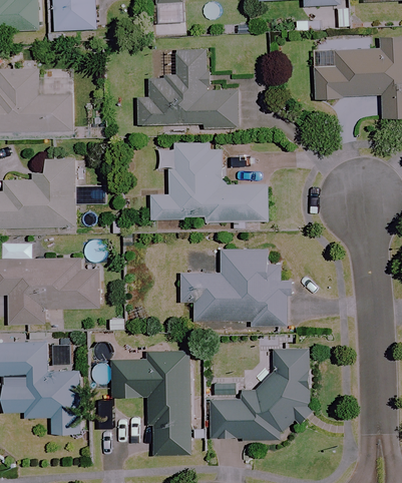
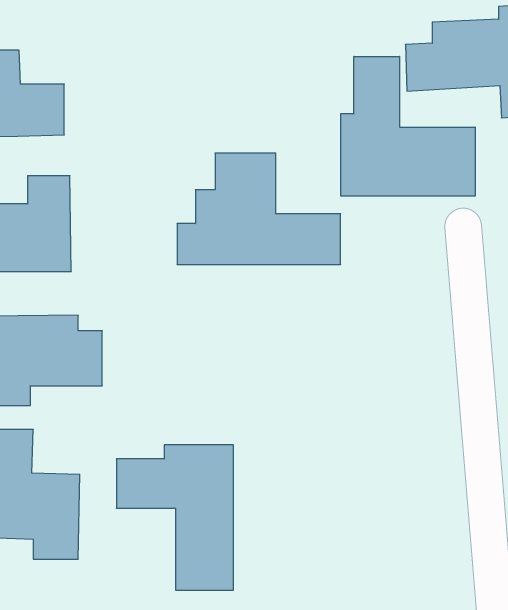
building: [138,48,238,128] -> none
building: none -> [341,56,475,196]
building: [178,249,296,327] -> none
building: [213,350,314,437] -> none

